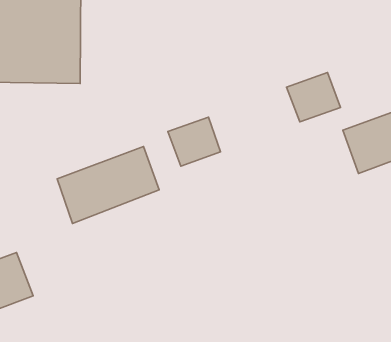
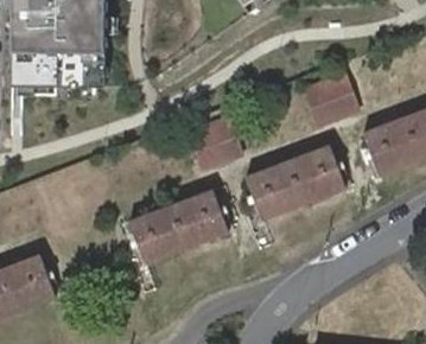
building: none -> [246,146,344,219]
building: [57,147,159,223] -> [127,189,228,265]

